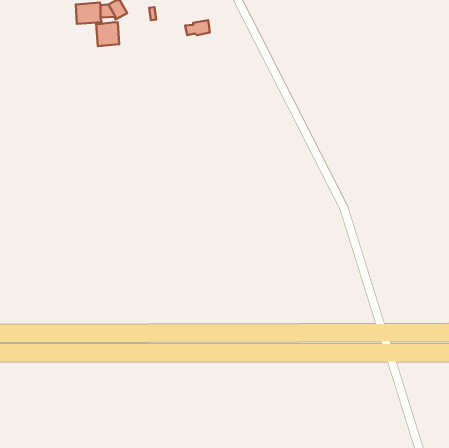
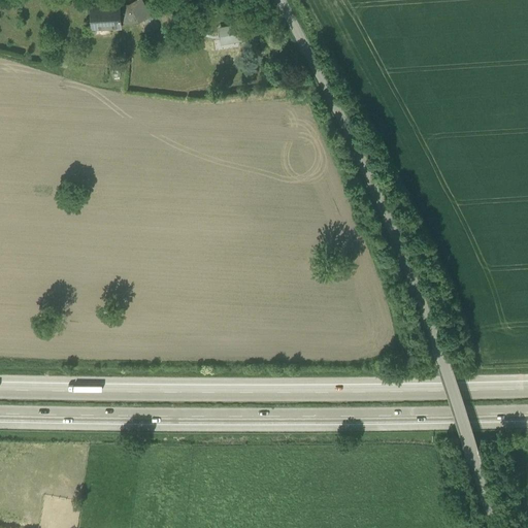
building: [96,22,119,46] -> none

